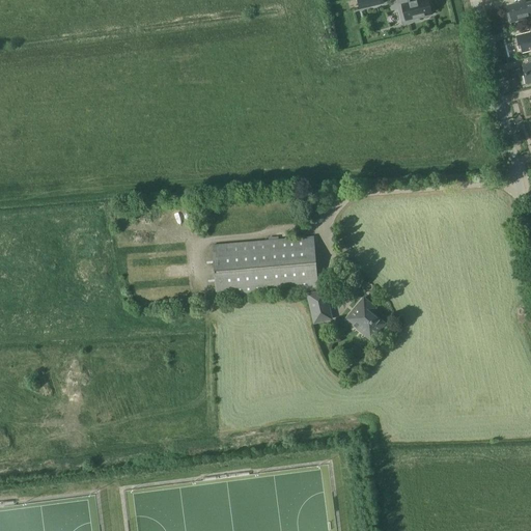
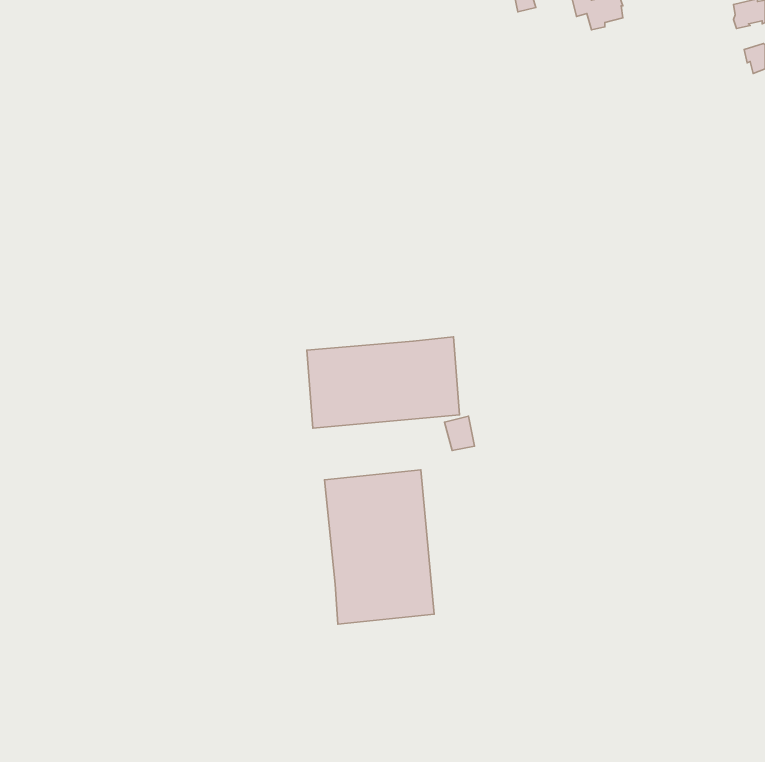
building: [347,300,383,335] -> none
building: none -> [324,470,434,624]

